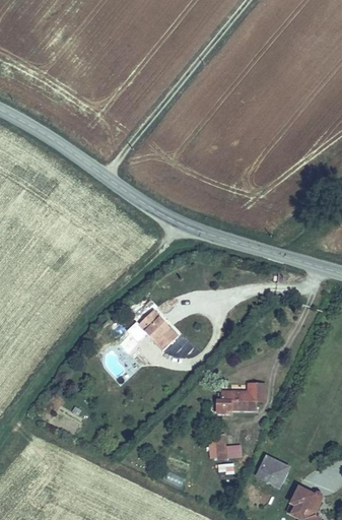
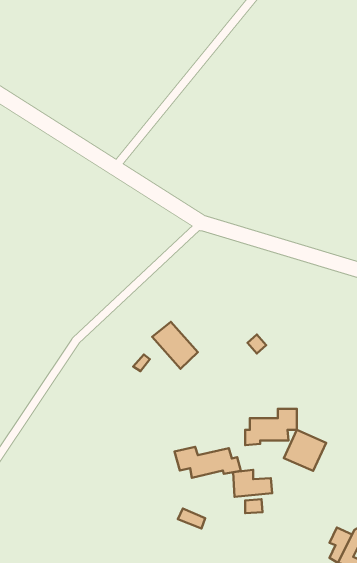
building: none -> [175,447,241,478]
building: [255,455,291,491] -> [284,430,326,471]

